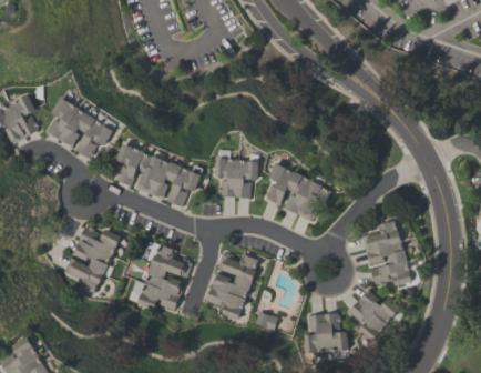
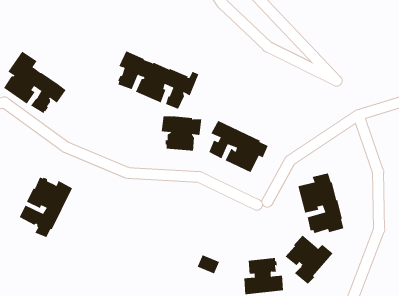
building: [116,143,204,206] -> [118,51,199,109]
building: [137,244,192,309] -> none
building: [206,252,259,319] -> none

